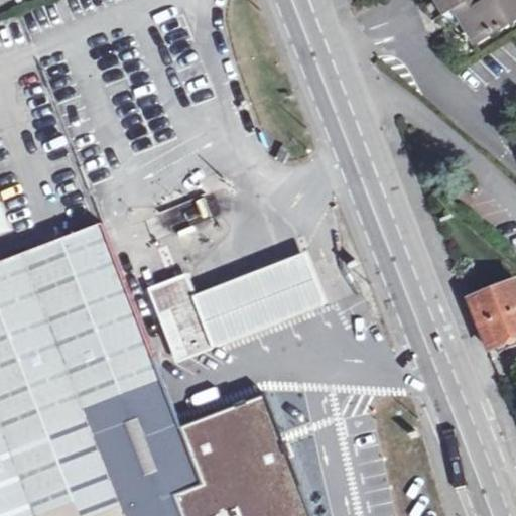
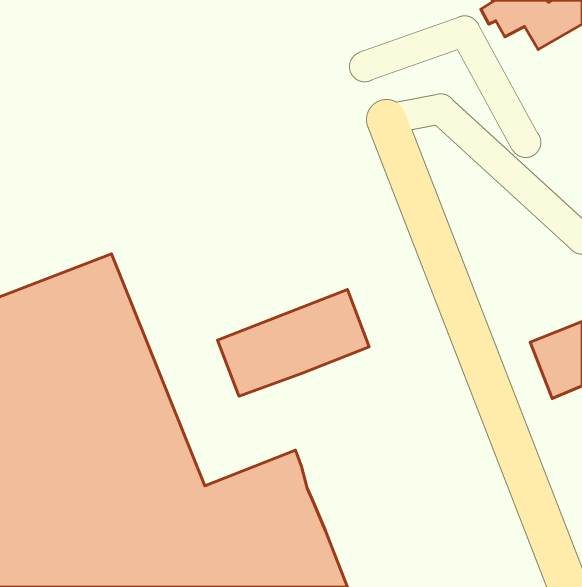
building: [148,277,209,359] -> none

